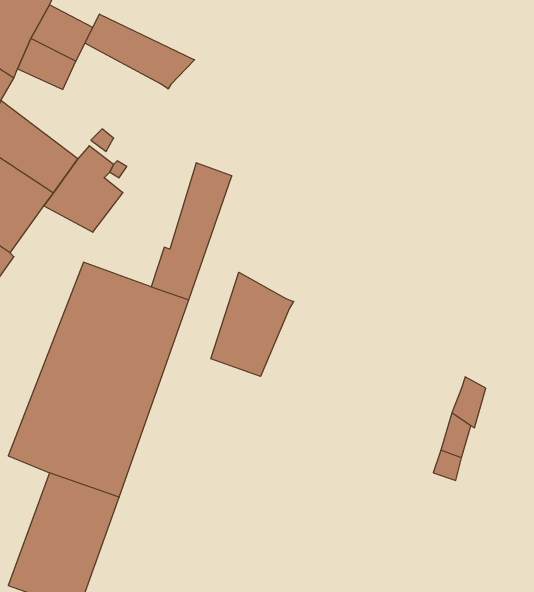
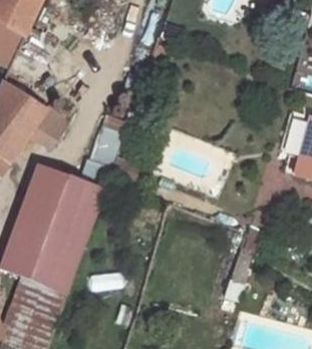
building: [85,14,195,89] -> none
building: [211,272,294,376] -> none

